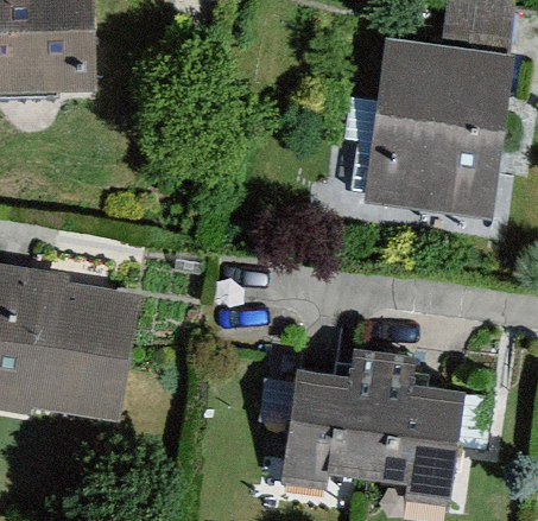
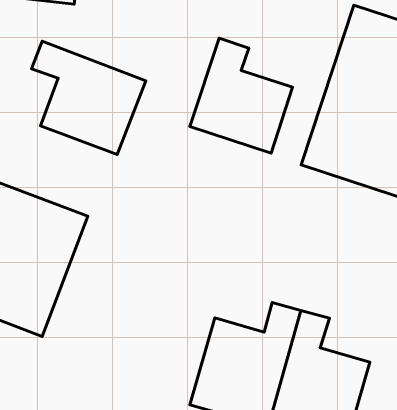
building: none -> [190,38,293,153]
building: none -> [31,41,146,155]

